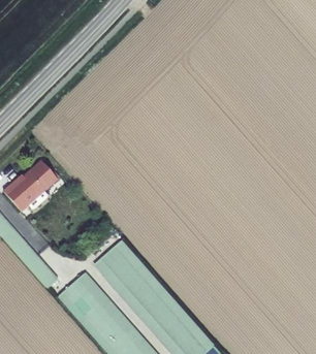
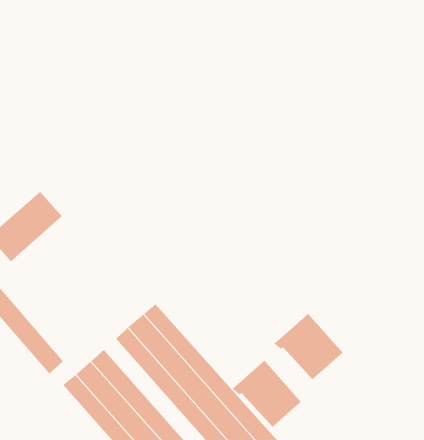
building: none -> [273,313,343,380]
building: none -> [232,360,302,428]

